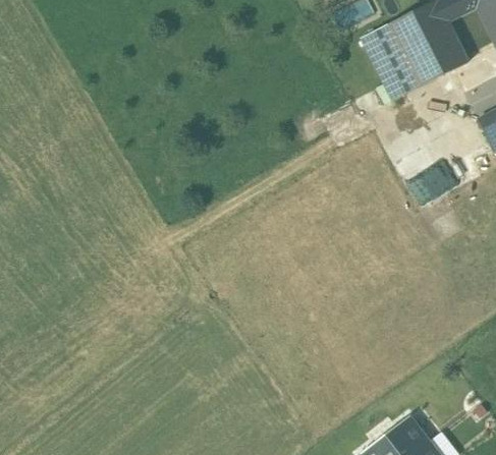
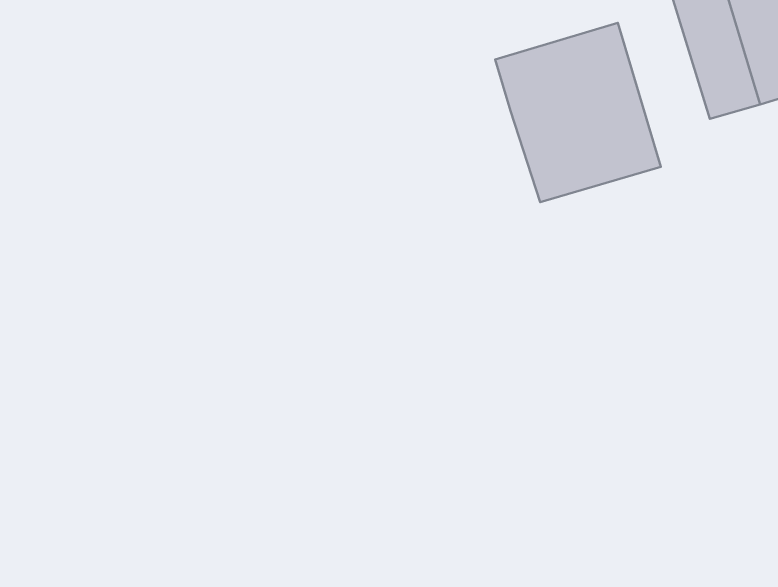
building: none -> [495,23,661,202]

